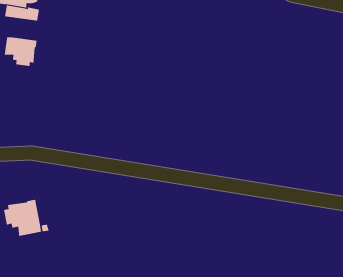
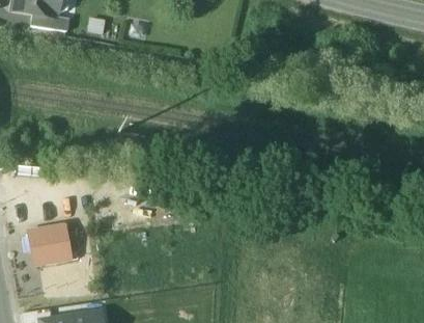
building: [4,36,37,67] -> none

